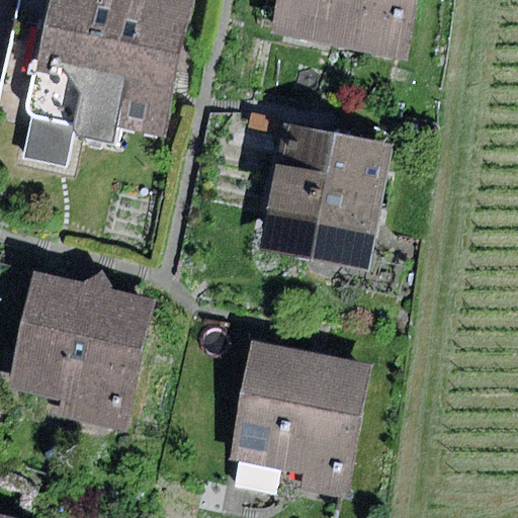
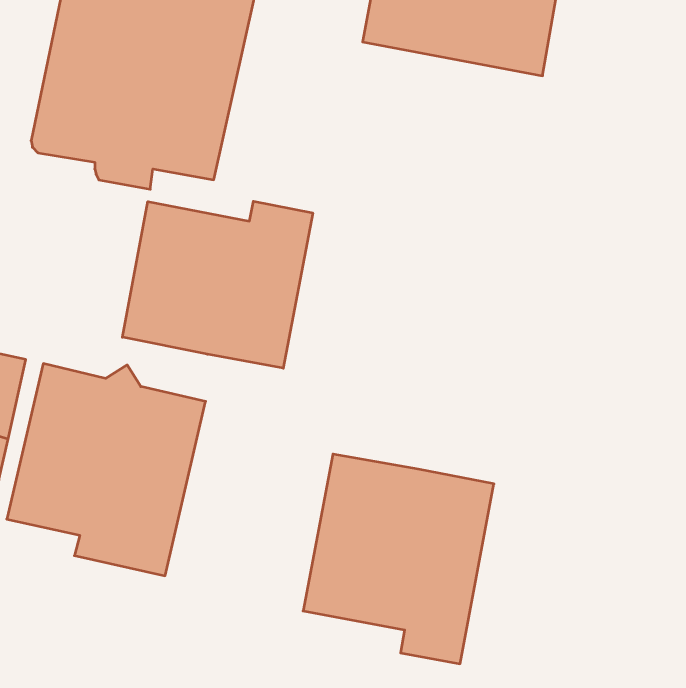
building: [258,127,393,270] -> none
building: none -> [122,201,313,368]

